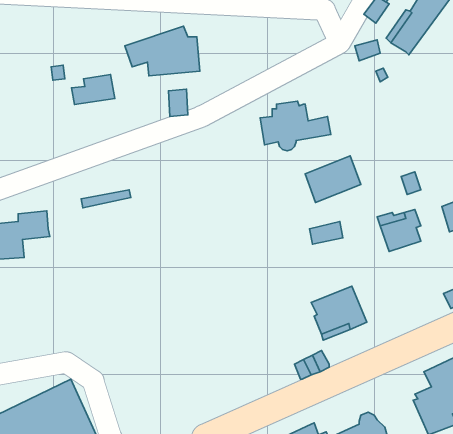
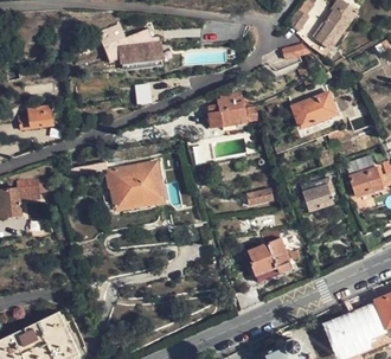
building: [71,74,115,104] -> [18,105,52,129]
building: [305,156,361,202] -> [291,91,335,128]
building: none -> [107,161,162,210]

